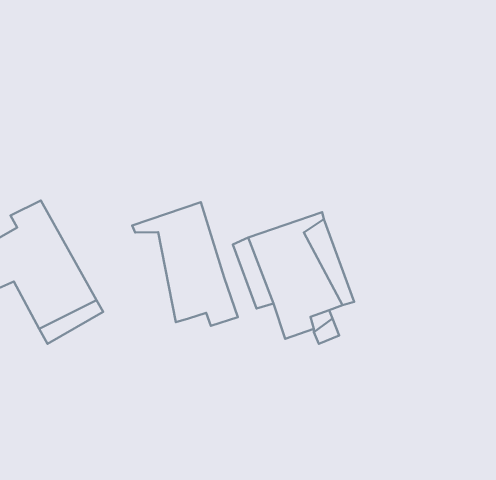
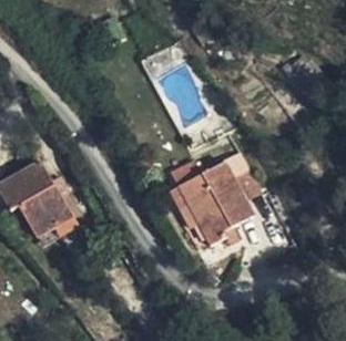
building: [132,202,238,326] -> none

